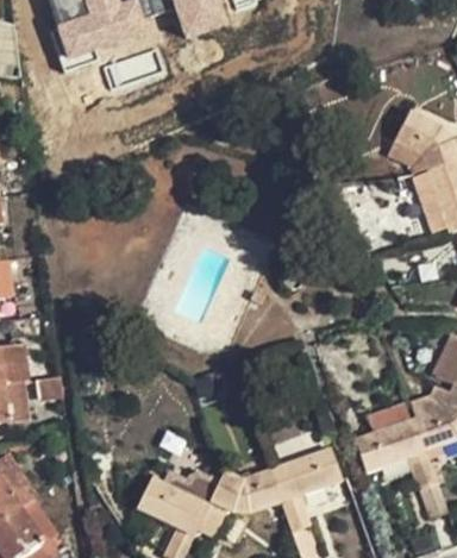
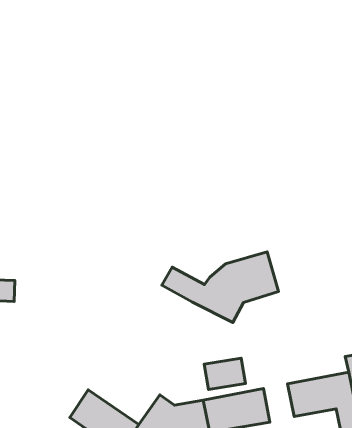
building: none -> [162,252,278,322]

